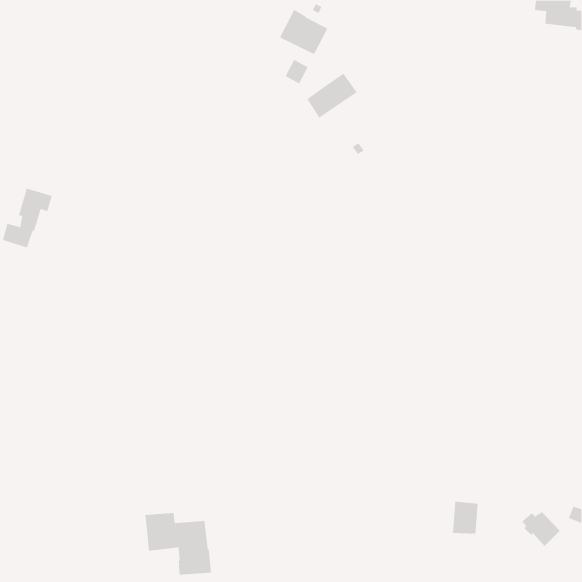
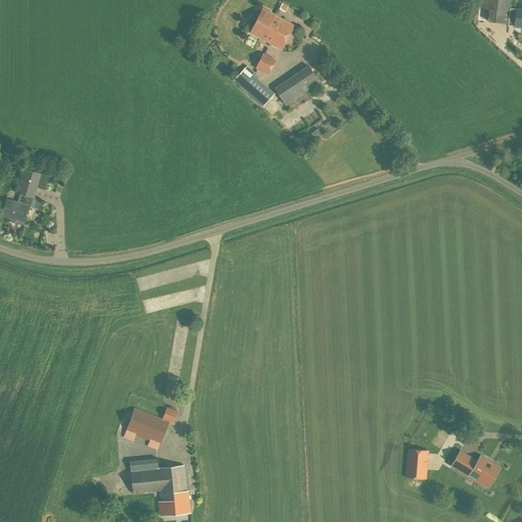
building: none -> [233,68,274,106]
building: none -> [123,408,177,450]

